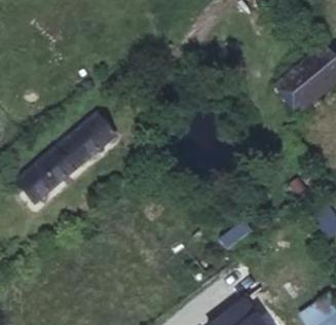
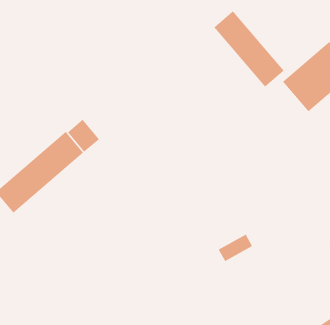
building: none -> [214,11,284,88]

